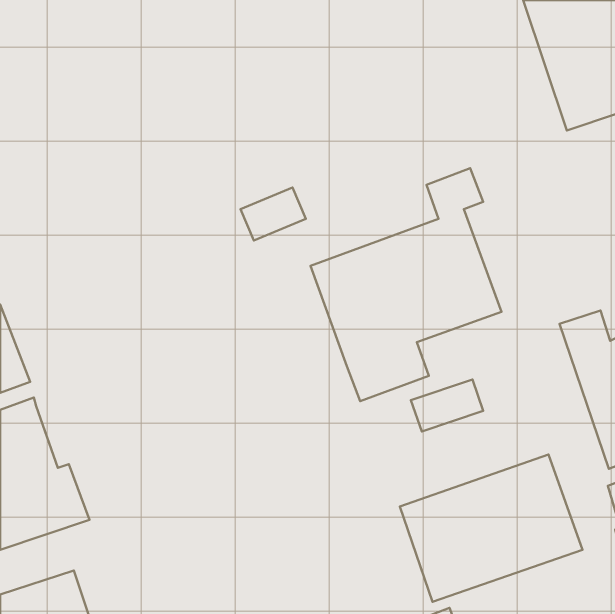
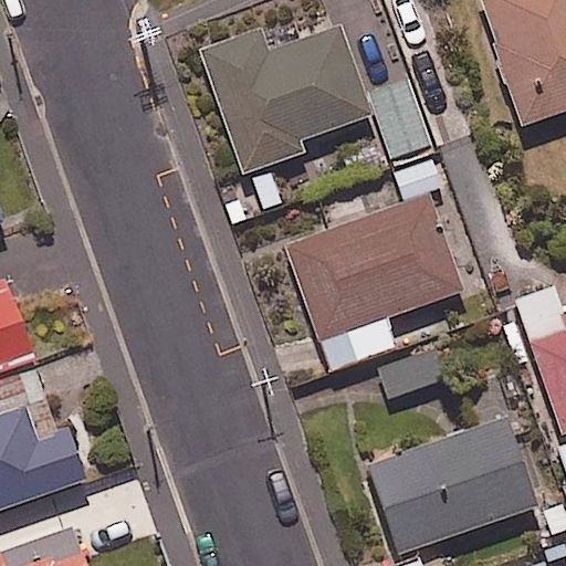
building: none -> [201,28,430,171]

